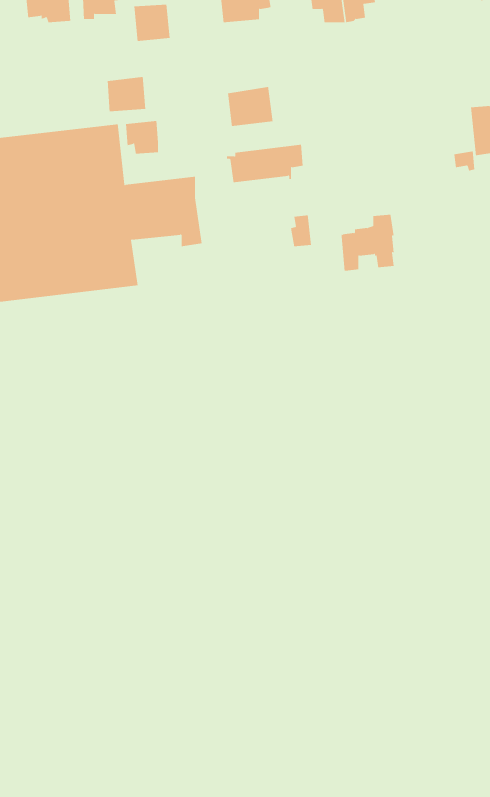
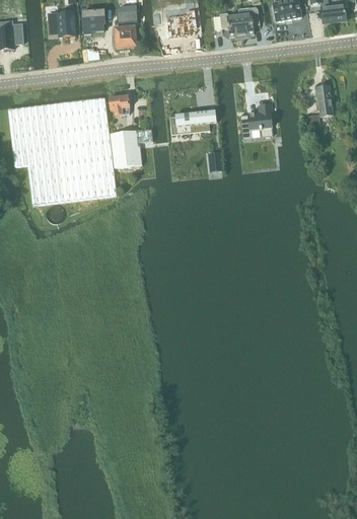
building: [107,76,146,112] -> none
building: [227,86,273,127] -> none
building: [341,214,394,271] -> [239,104,272,139]

